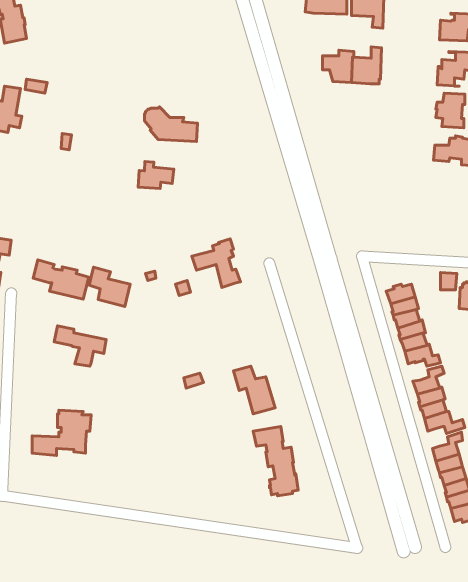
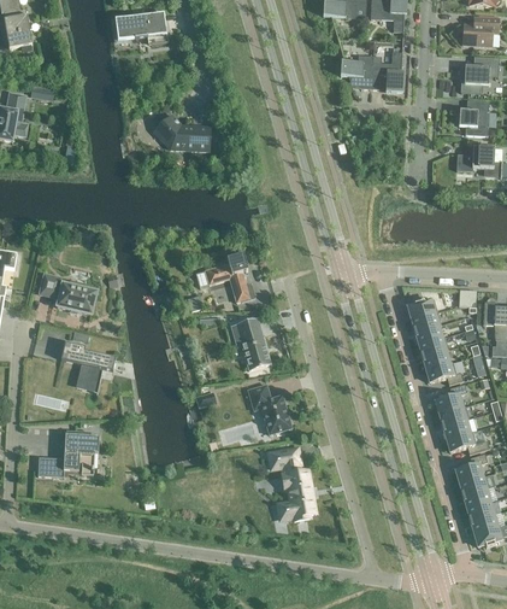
building: none -> [113,12,167,43]
building: [138,162,174,188] -> none
building: [89,267,130,307] -> none
building: none -> [237,317,269,368]

